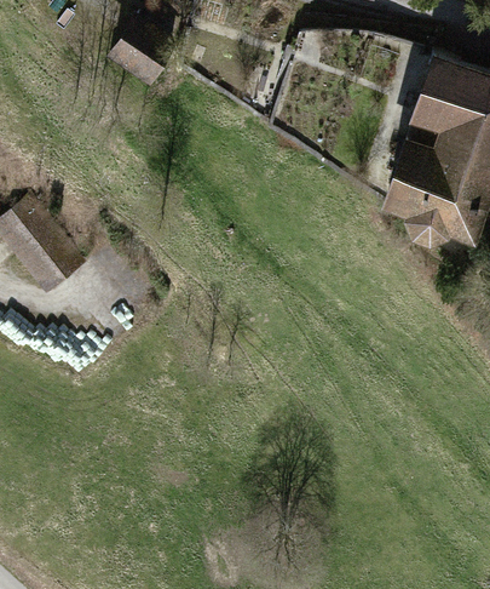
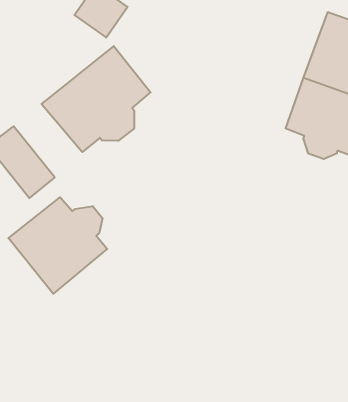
building: none -> [42,46,151,152]
building: none -> [8,197,107,294]

